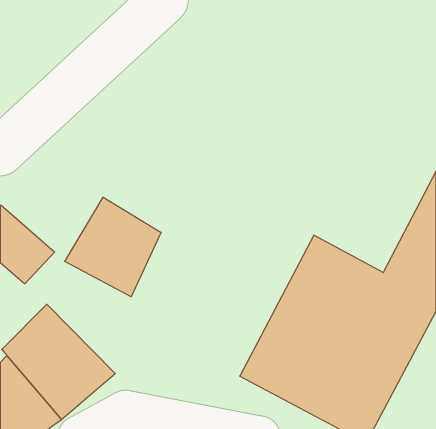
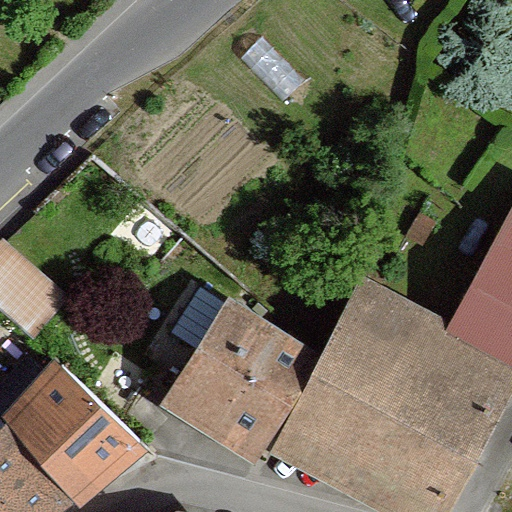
building: [65,197,161,297] -> none
building: none -> [166,300,316,455]

